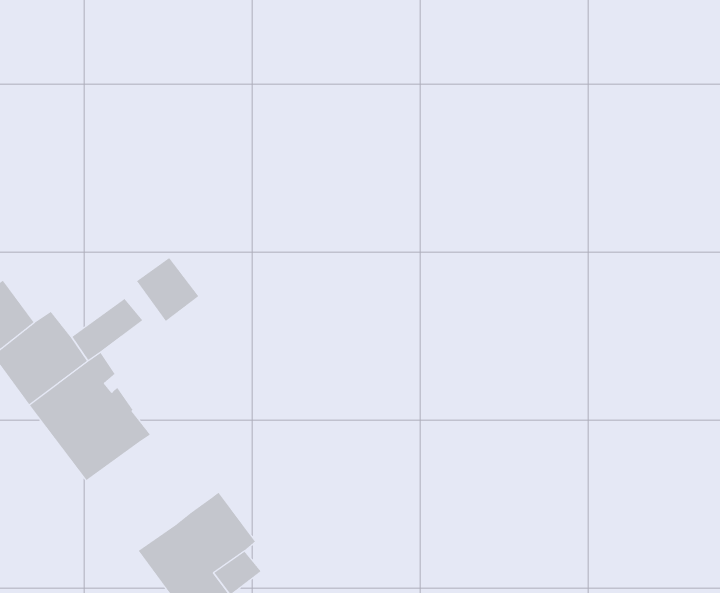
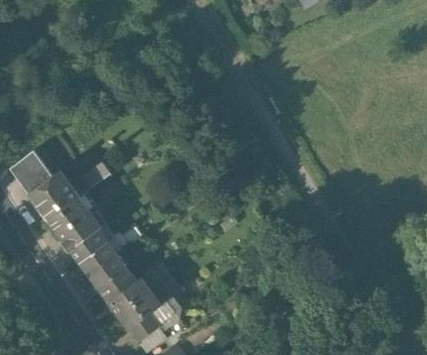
building: [136,257,199,322] -> none
building: none -> [80,236,148,304]

